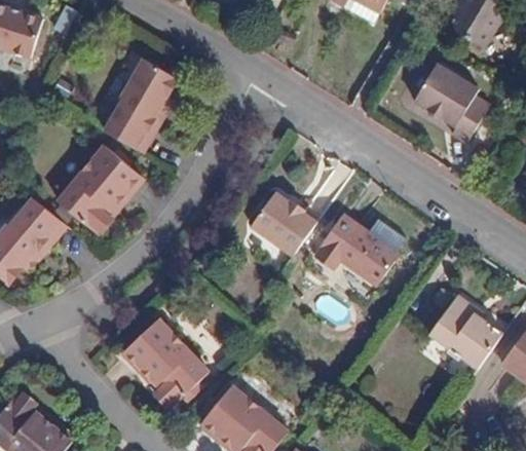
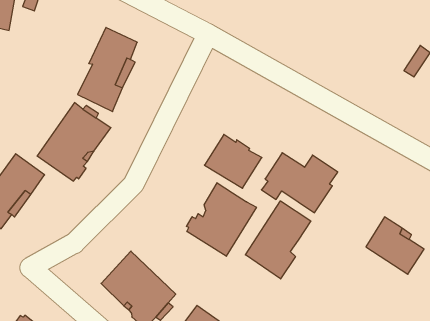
building: [409,65,493,143] -> none
building: none -> [186,183,256,256]
building: none -> [245,201,311,279]

